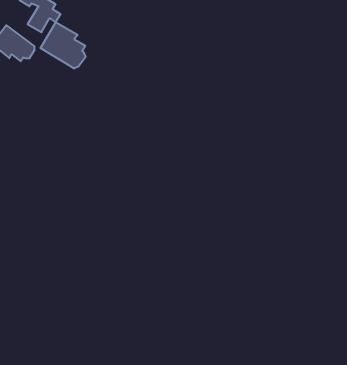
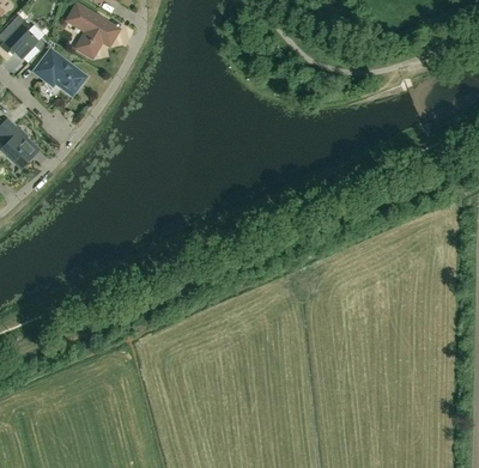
building: [41,22,85,69] -> none

